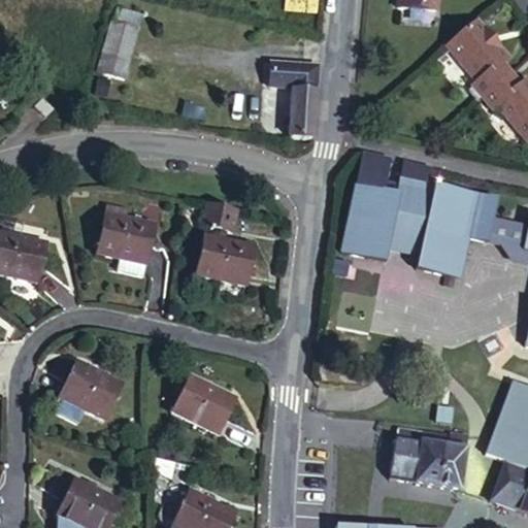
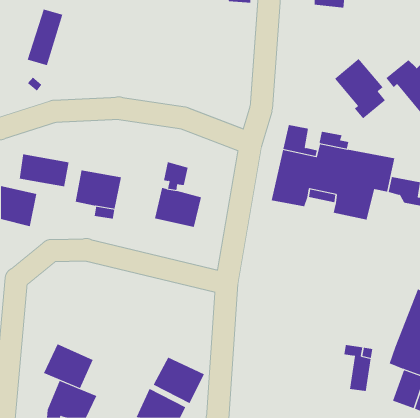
building: [99,7,144,78] -> [27,9,63,66]
building: [448,22,513,98] -> [334,58,386,119]
building: [270,60,319,136] -> none
building: none -> [19,153,69,187]
building: [61,361,124,418] -> [43,343,94,389]
building: [170,373,235,432] -> [153,357,205,404]
building: [390,426,444,487] -> none

